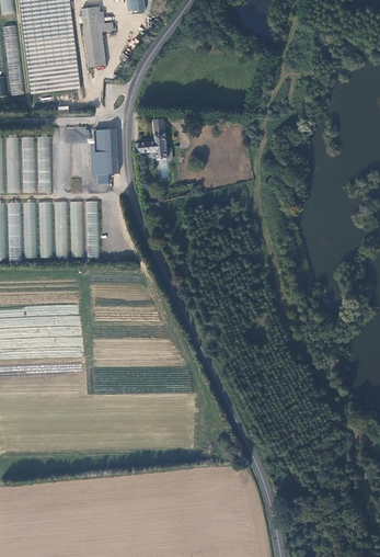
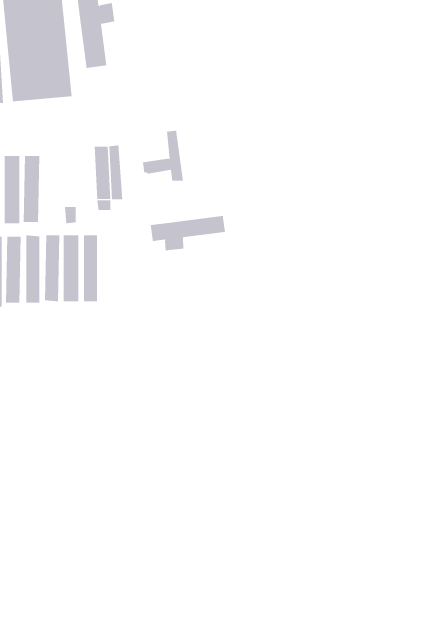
building: none -> [150,215,225,251]

